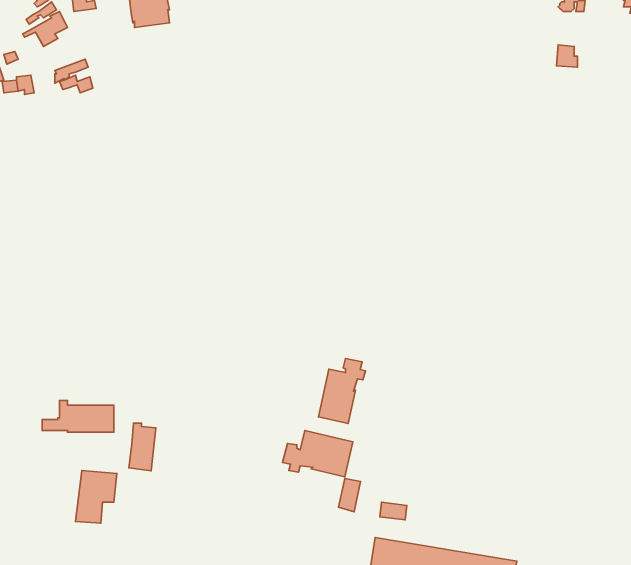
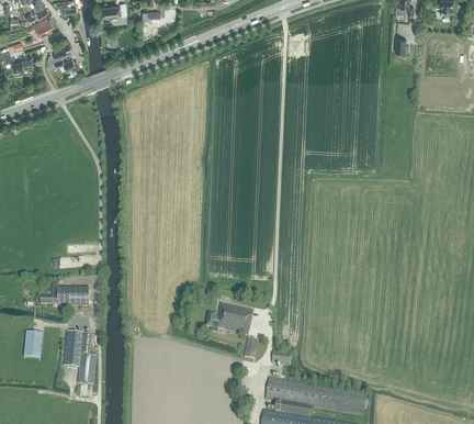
building: [318,358,366,424] -> none
building: [129,423,156,471] -> [78,353,97,386]
building: none -> [23,331,43,358]

